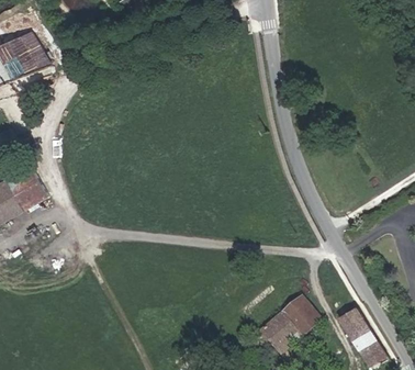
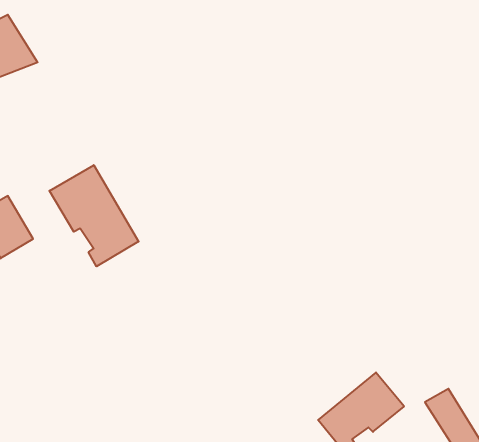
building: none -> [49,165,139,266]

